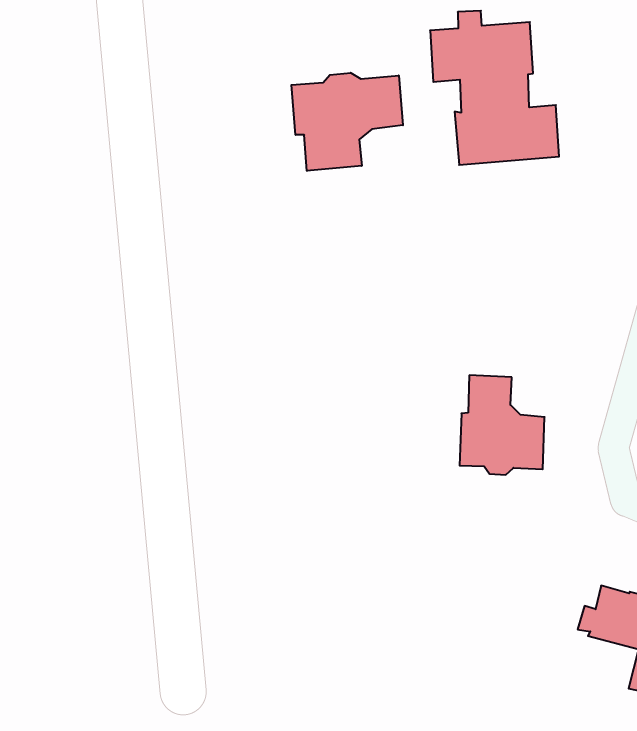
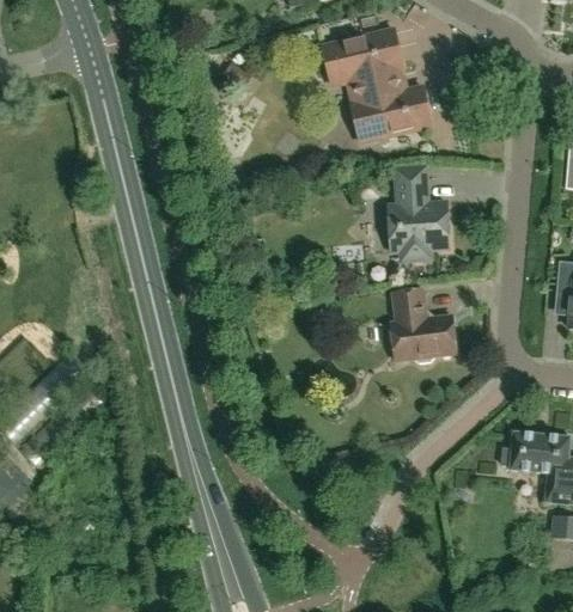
building: [291,73,403,171] -> none
building: none -> [389,166,450,259]

